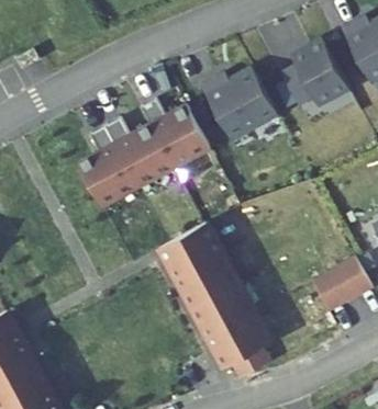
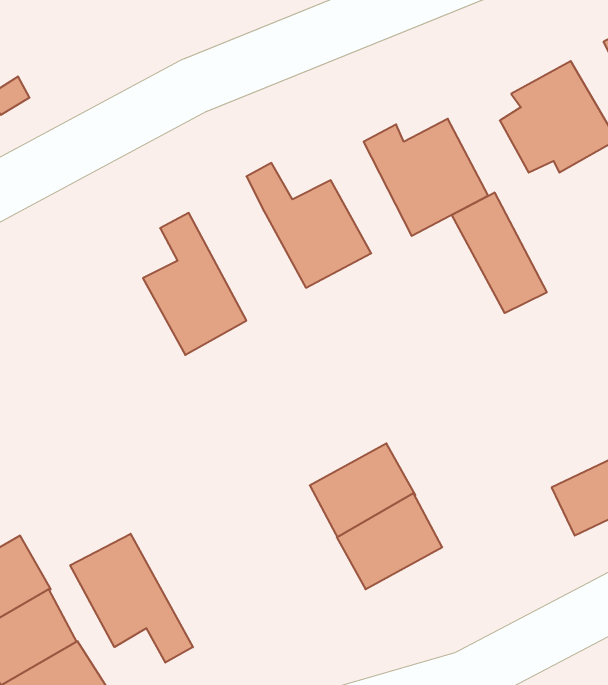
building: none -> [452,192,547,313]
building: [114,117,181,185] -> none
building: [166,225,226,280] -> none
building: none -> [70,534,193,663]
building: [212,311,278,379] -> none

